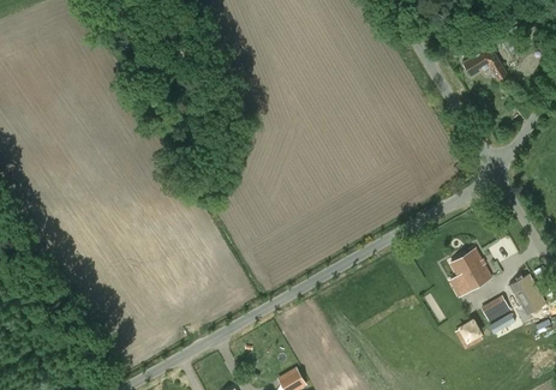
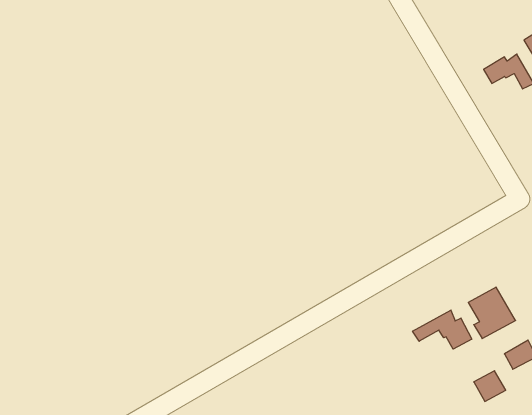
building: none -> [413,310,472,349]

